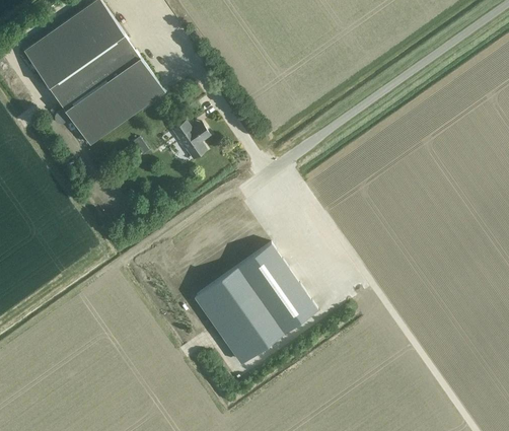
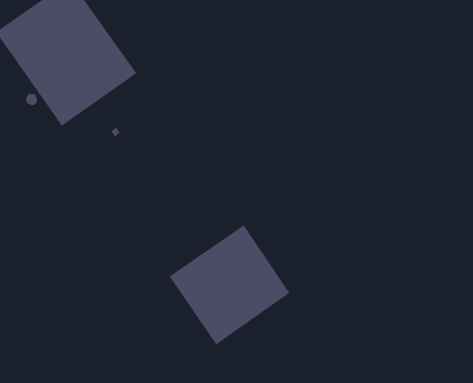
building: [172,122,210,158] -> none

